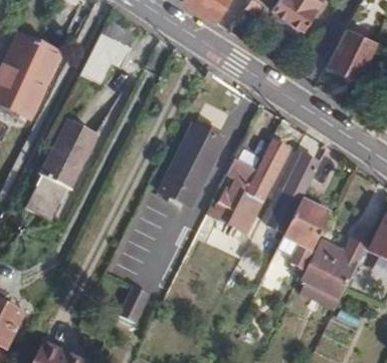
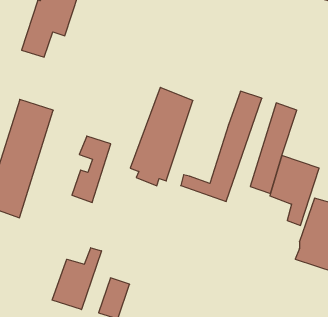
building: [213,159,254,219] -> [72,136,111,202]
building: none -> [52,248,101,310]

